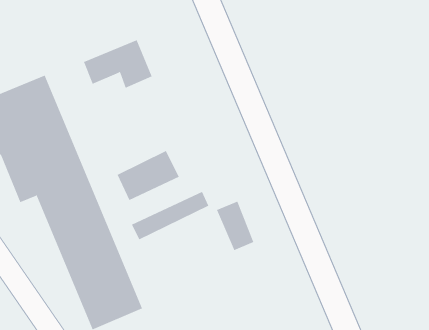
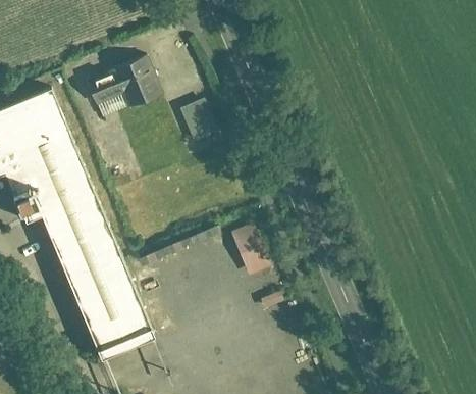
building: none -> [180,99,219,143]
building: [117,150,179,201] -> none

